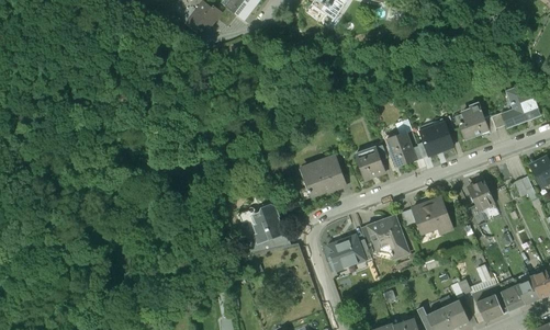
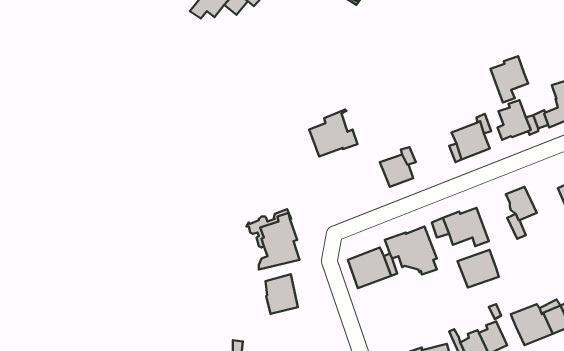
building: none -> [490,56,528,103]
building: [386,132,416,167] -> none
building: [303,155,346,196] -> [309,110,358,157]
building: none -> [458,250,499,288]
building: none -> [265,274,298,314]

